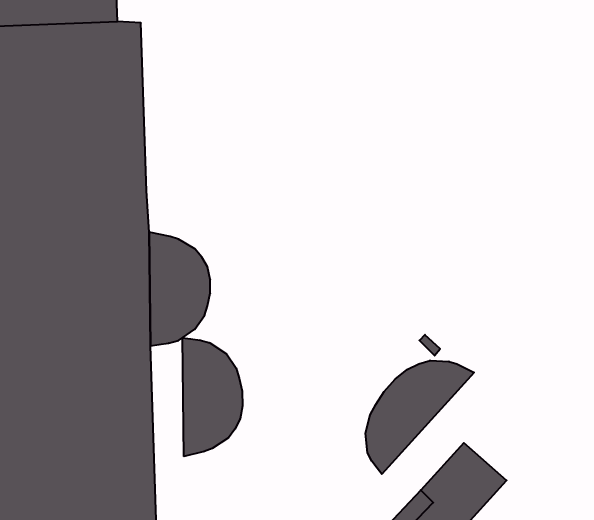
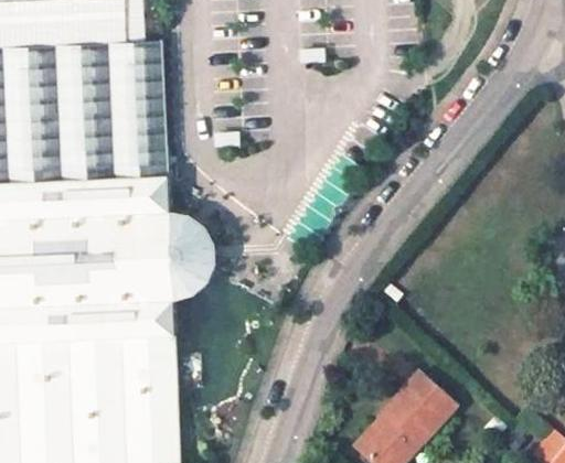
building: [182,338,243,456] -> none
building: [365,360,474,474] -> none

